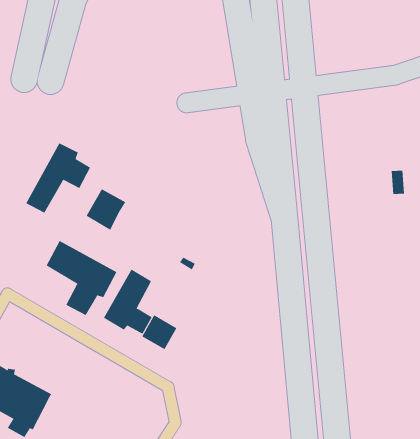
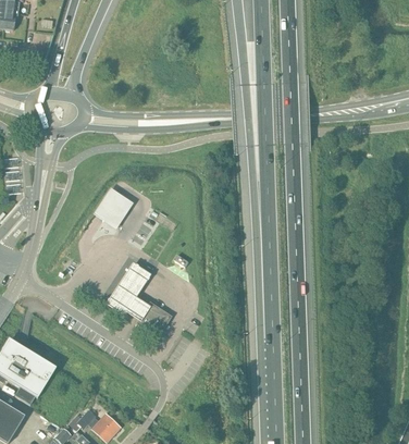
building: [25,142,91,213] -> none
building: [46,240,117,316] -> none

